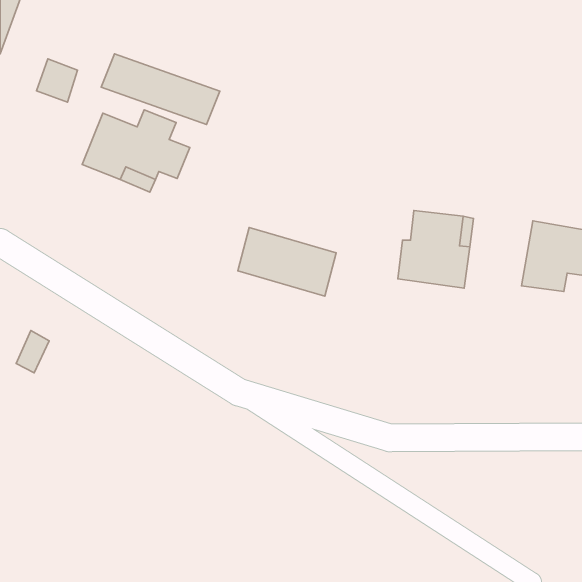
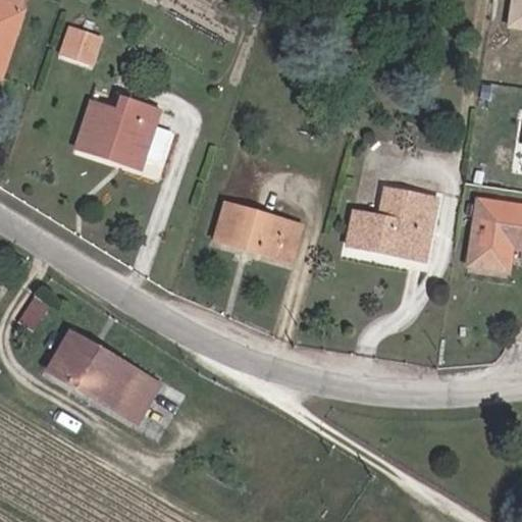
building: [101,54,220,125] -> none
building: [36,59,78,102] -> [62,20,99,59]
building: none -> [48,330,157,420]

